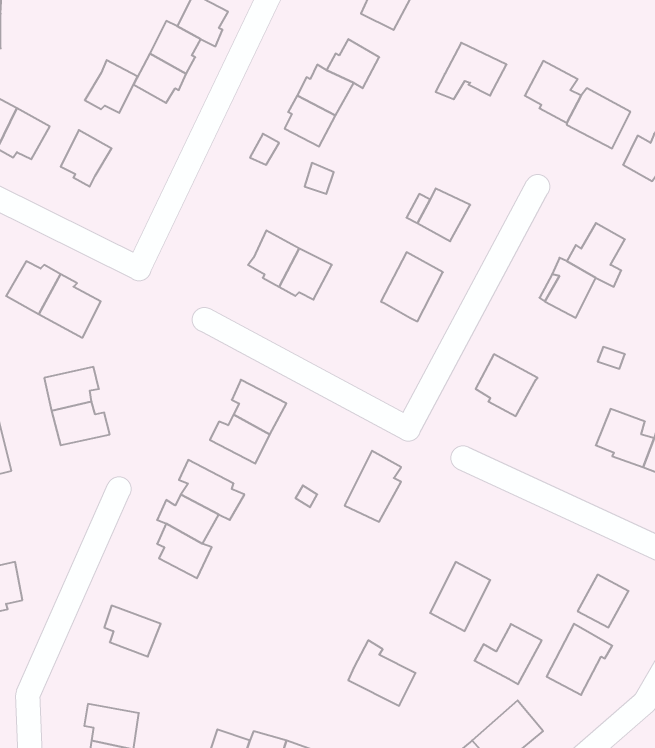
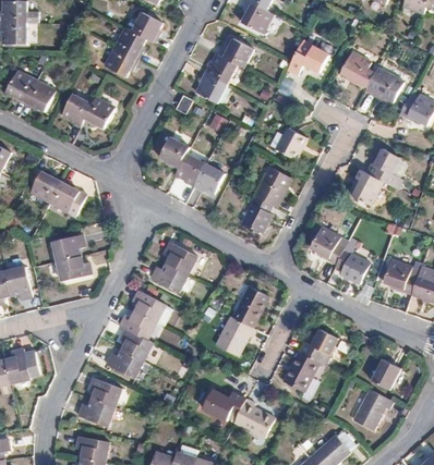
building: [85,60,138,113] -> [82,96,113,127]
building: none -> [159,136,188,169]
building: none -> [241,196,273,234]
building: none -> [334,242,370,283]
building: none -> [214,316,254,356]
building: none -> [106,348,143,379]
building: [474,624,542,684] -> [298,329,338,365]
building: none -> [200,389,245,420]
building: none -> [77,399,113,427]

